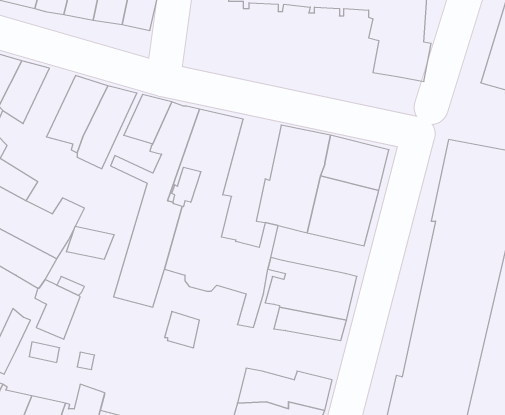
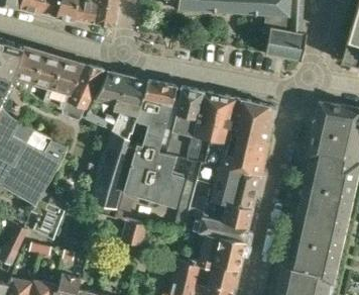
building: none -> [24,53,61,100]
building: none -> [161,88,203,172]
building: none -> [196,162,260,197]
building: [66,226,114,259] -> none
building: none -> [190,234,244,269]

